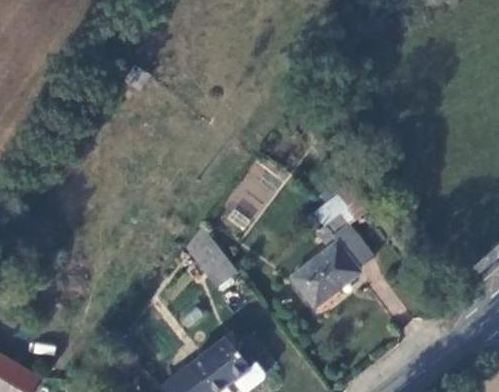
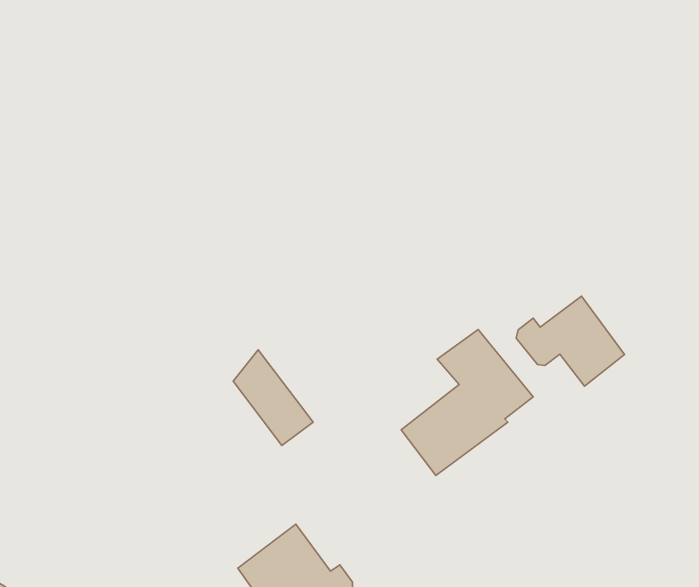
building: none -> [516,296,624,386]

